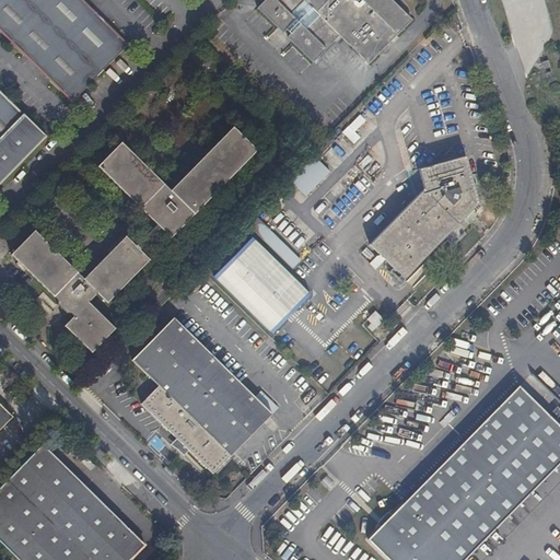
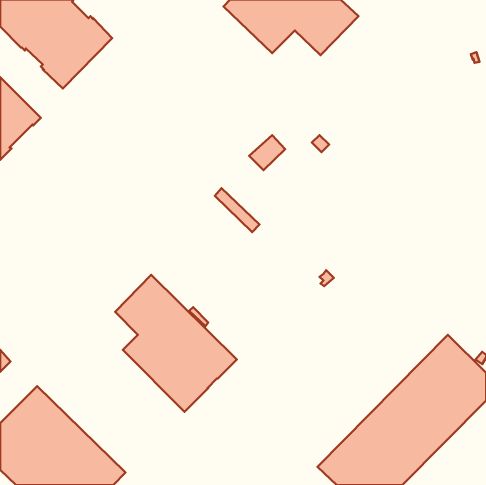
building: [11,126,257,352] -> none
building: [370,155,479,278] -> none
building: [213,236,311,332] -> none

